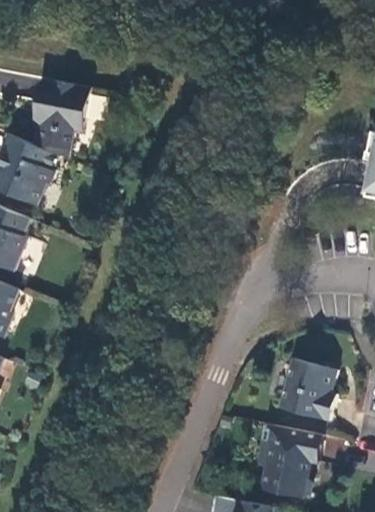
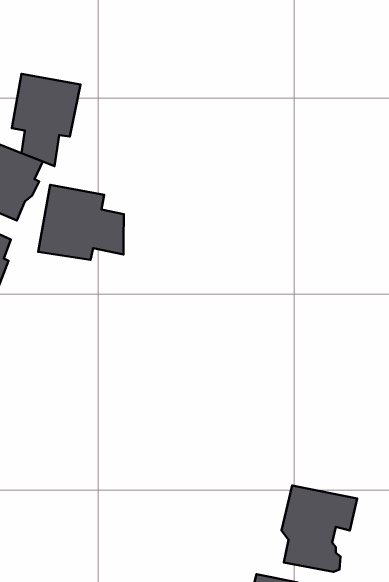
building: none -> [38,185,124,260]
building: [283,358,340,420] -> none

